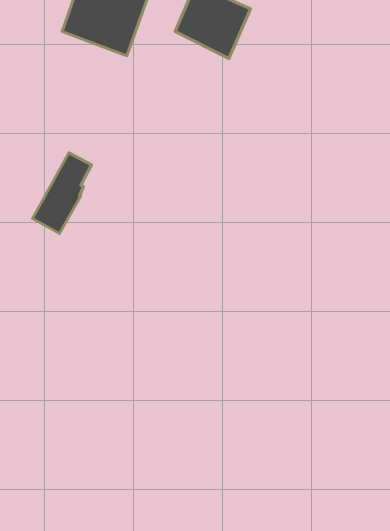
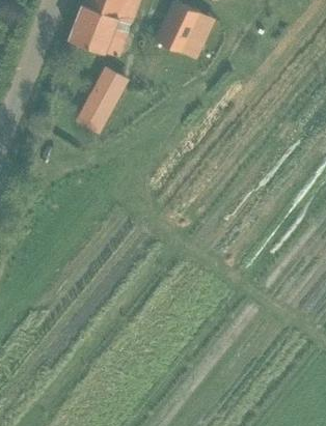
building: [33,153,92,233] -> [76,67,121,130]

